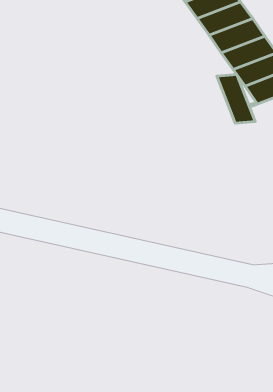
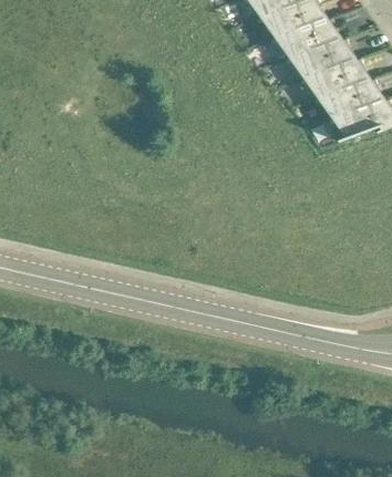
building: [217,74,255,123] -> none

